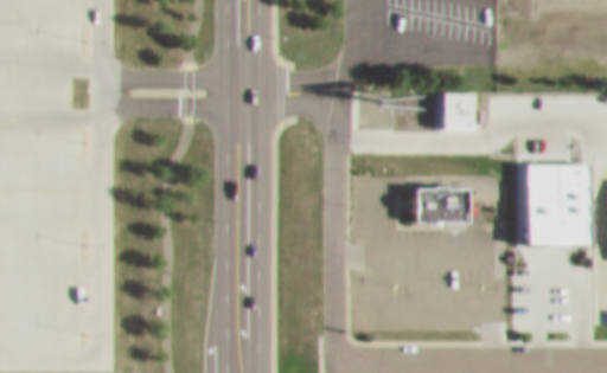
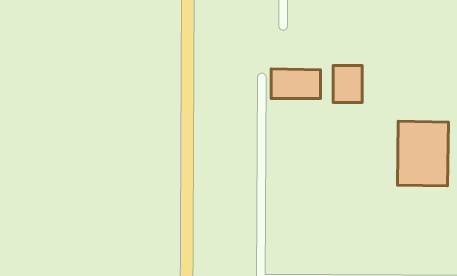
building: [416,187,479,225] -> [271,69,321,98]

